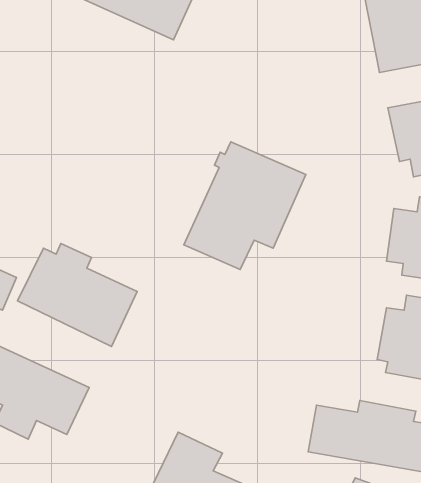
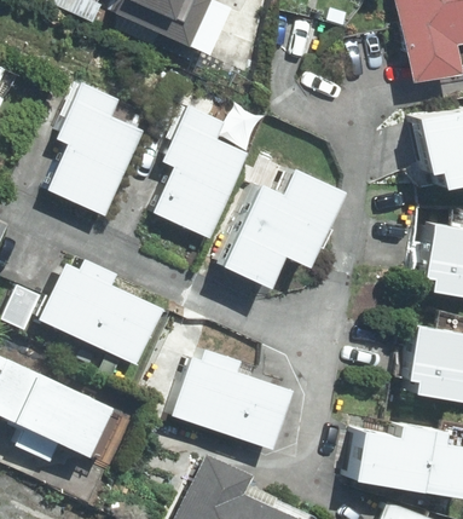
building: none -> [42,80,139,213]
building: none -> [147,104,243,235]
building: none -> [166,346,284,446]

